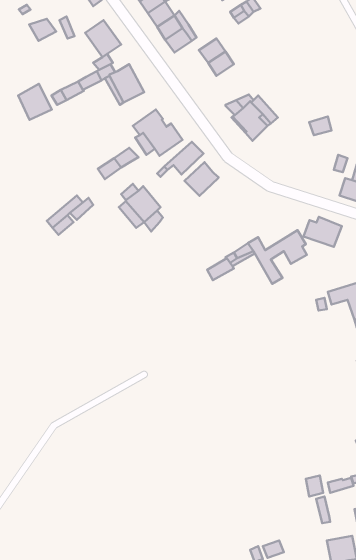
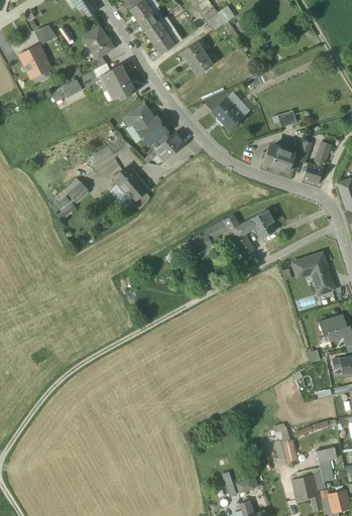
building: [18,84,52,120] -> [21,45,50,77]
building: [185,162,218,196] -> none
building: [304,217,342,247] -> [262,145,296,171]

